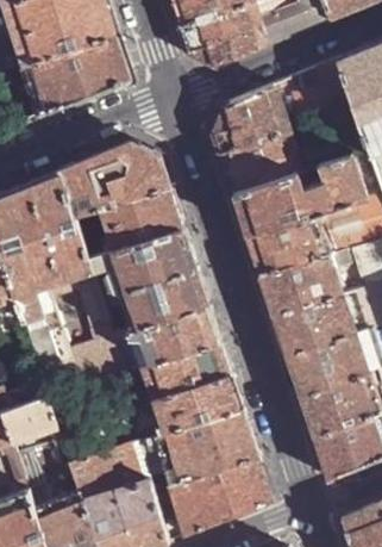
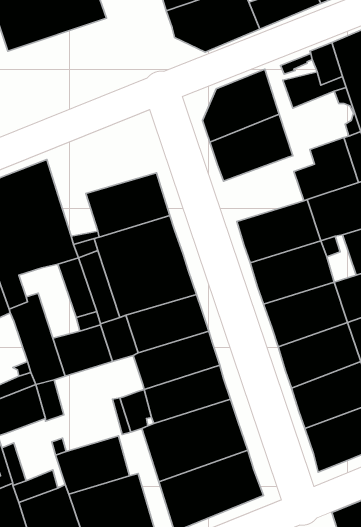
building: [23,35,133,118] -> none
building: [61,143,168,215] -> none
building: [233,170,312,234] -> none

